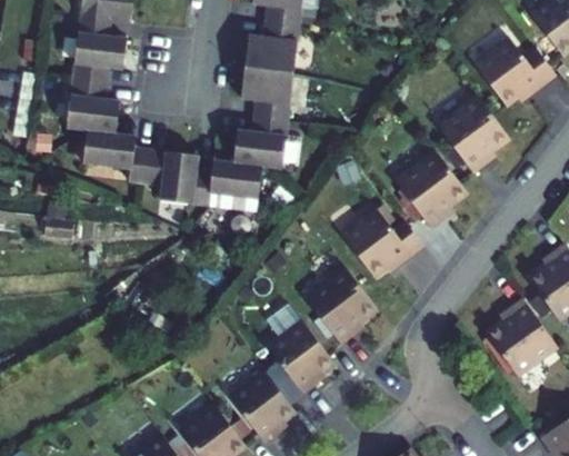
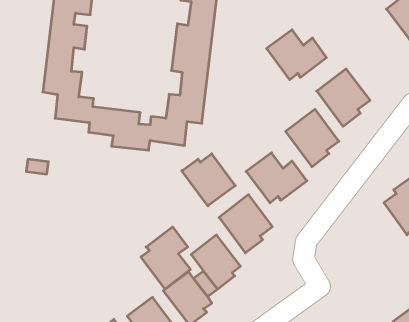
building: [476,38,557,106] -> [267,30,326,80]
building: none -> [182,154,235,206]
building: [486,298,558,376] -> none
building: none -> [141,227,190,289]

